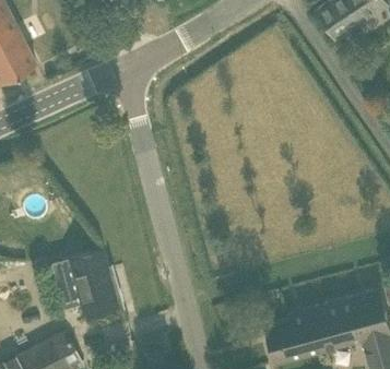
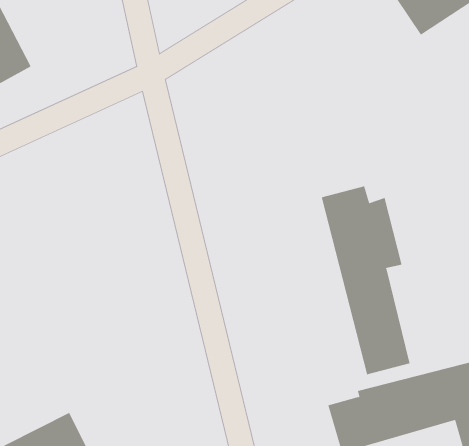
building: none -> [321,186,410,375]
building: [57,252,125,319] -> none

